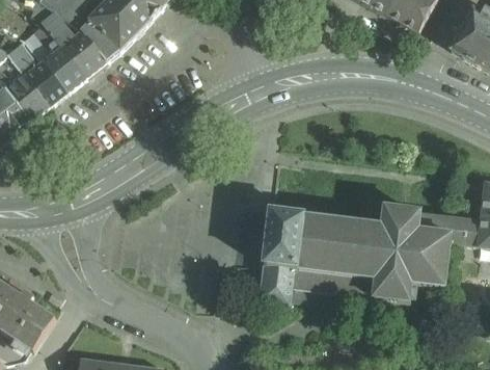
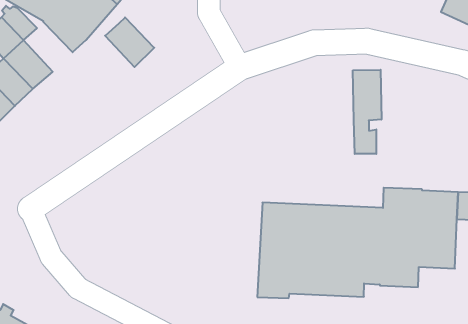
building: [62,29,107,76] -> [105,17,154,67]
building: none -> [353,70,381,154]

